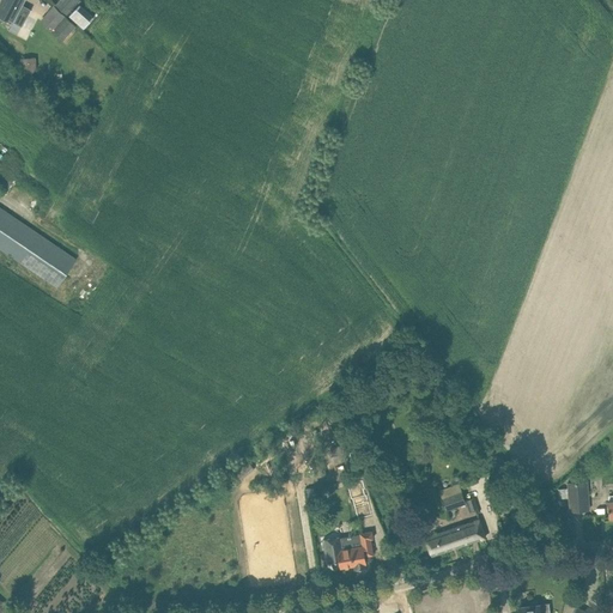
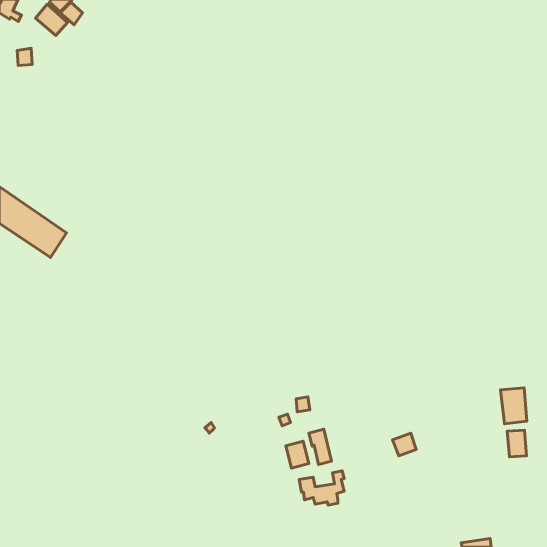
building: none -> [501,388,527,424]
building: none -> [286,441,309,468]
building: [424,517,484,554] -> none

